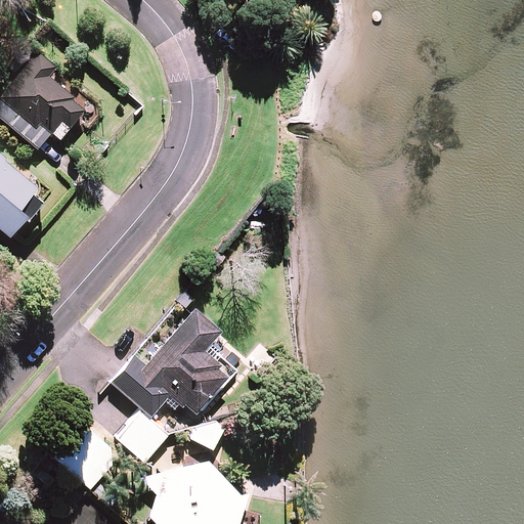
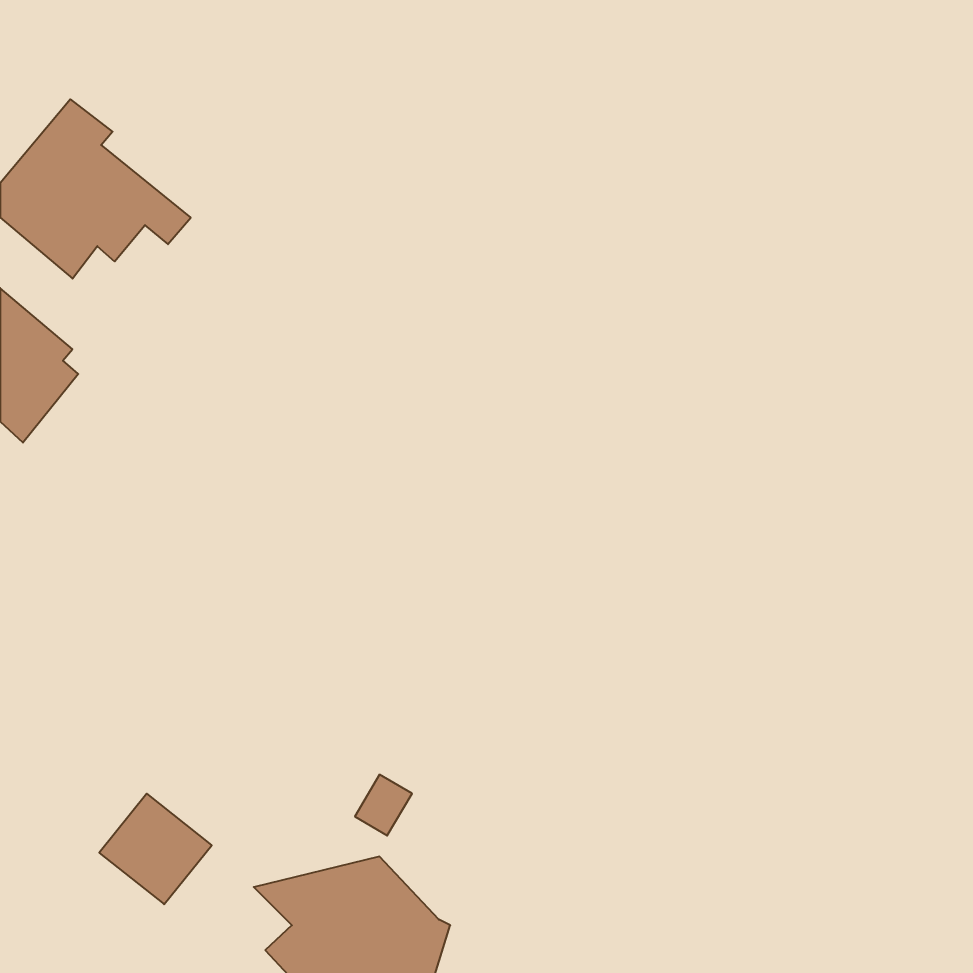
building: [108,308,243,462] -> none

